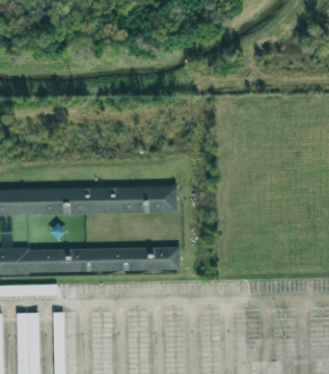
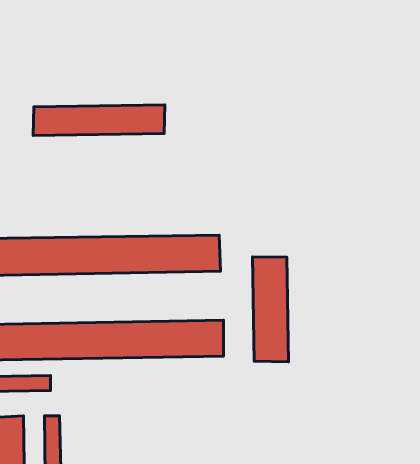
building: none -> [33,105,165,136]
building: none -> [252,257,288,362]

